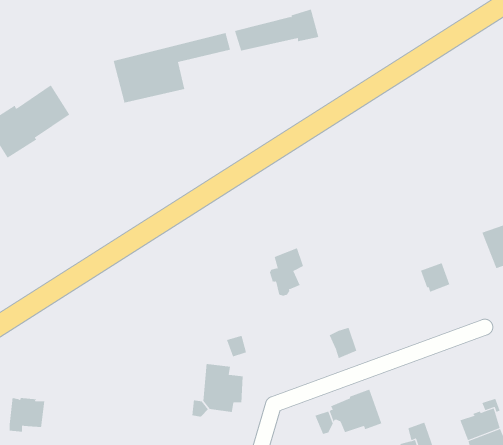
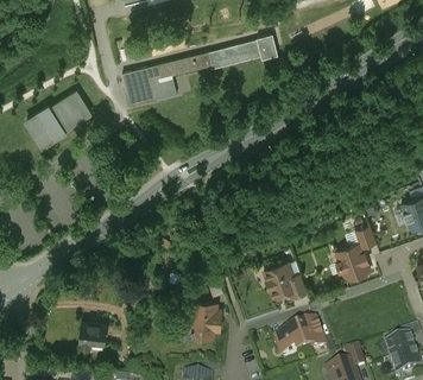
building: [269,247,304,296] -> [266,262,292,299]
building: none -> [336,245,370,280]
building: [9,398,45,432] -> [80,322,107,348]

